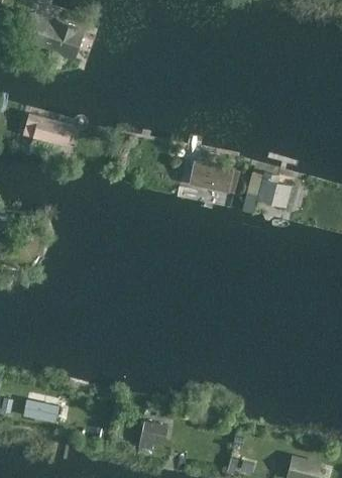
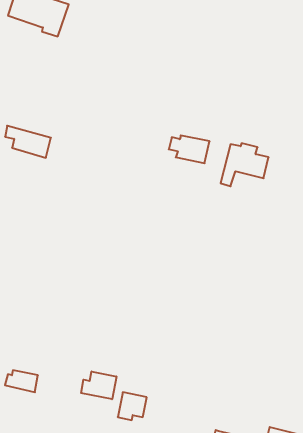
building: [27,114,74,146] -> [5,126,51,158]
building: none -> [81,371,116,399]

